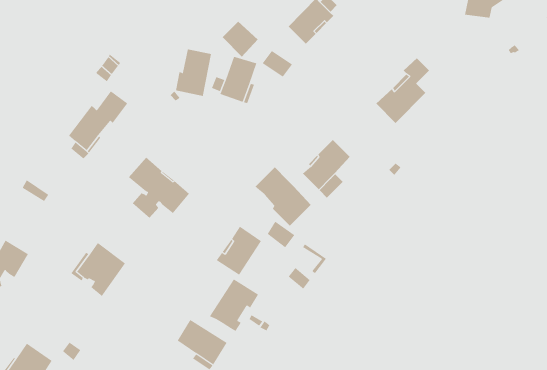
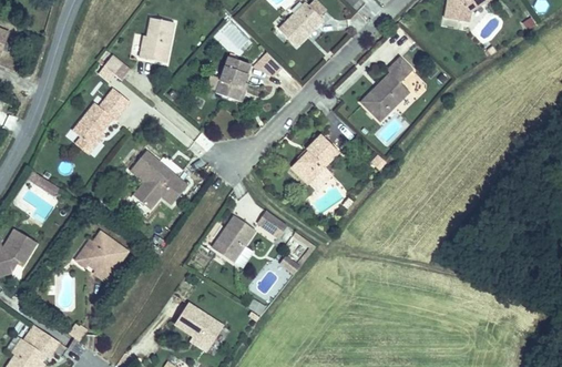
building: [175,49,212,96] -> [140,18,174,62]
building: [255,167,311,226] -> none
building: [209,279,259,332] -> none

